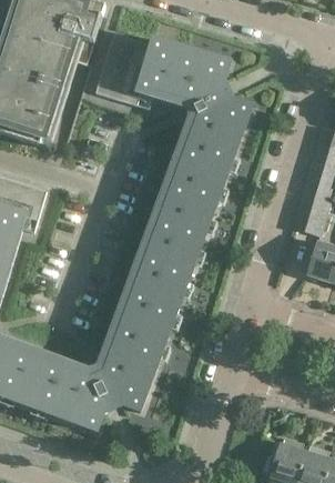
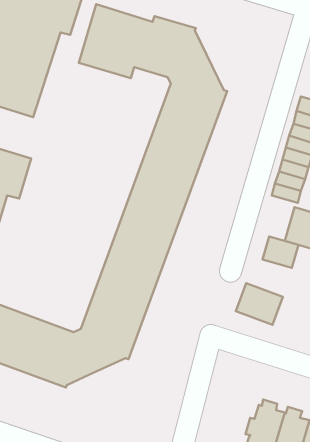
building: none -> [263,236,299,268]
building: none -> [236,283,283,325]

